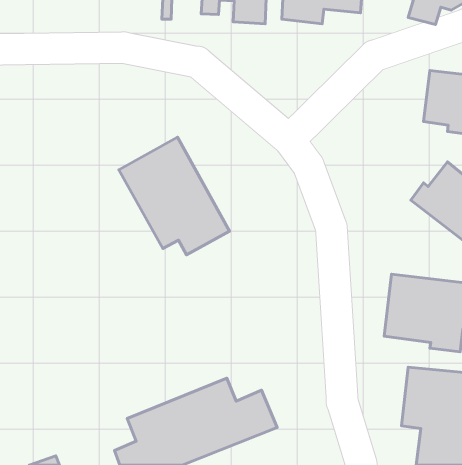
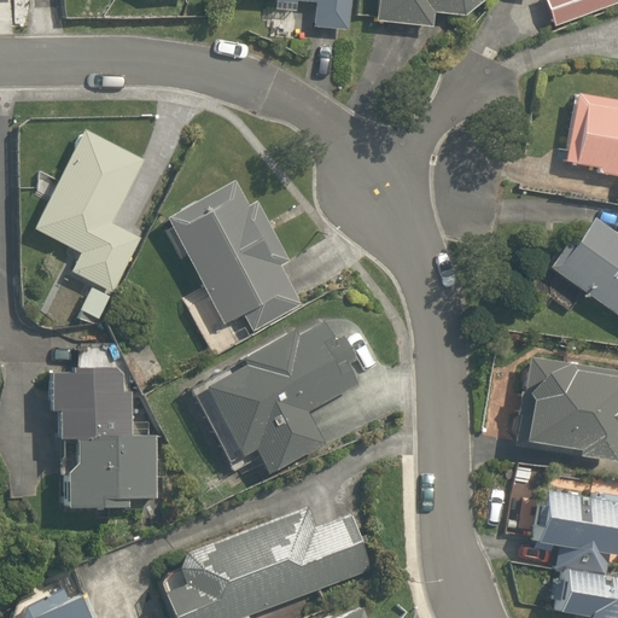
building: none -> [34,128,144,315]
building: none -> [199,321,360,477]
building: none -> [53,367,157,515]

